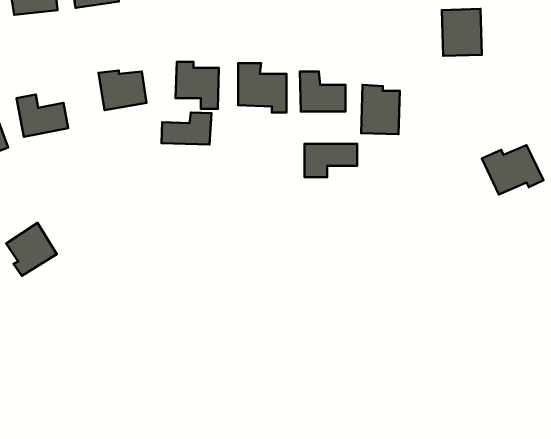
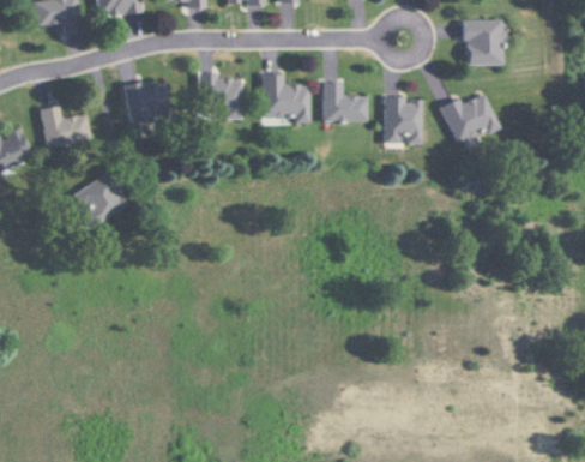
building: [162,113,212,145] -> none
building: [304,144,357,177] -> none
building: [482,145,543,195] -> [439,92,500,142]
building: [6,223,57,276] -> [76,173,126,226]

